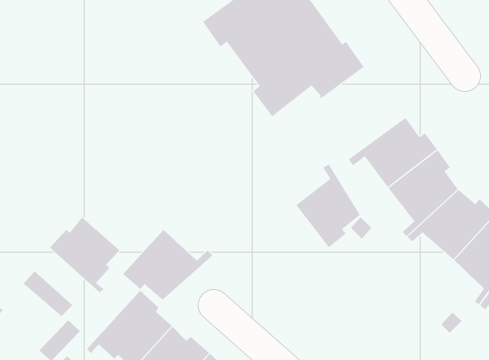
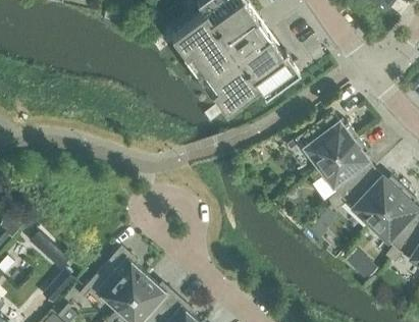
building: [295,163,360,248] -> none
building: [49,217,121,293] -> none
building: [122,229,213,301] -> none

